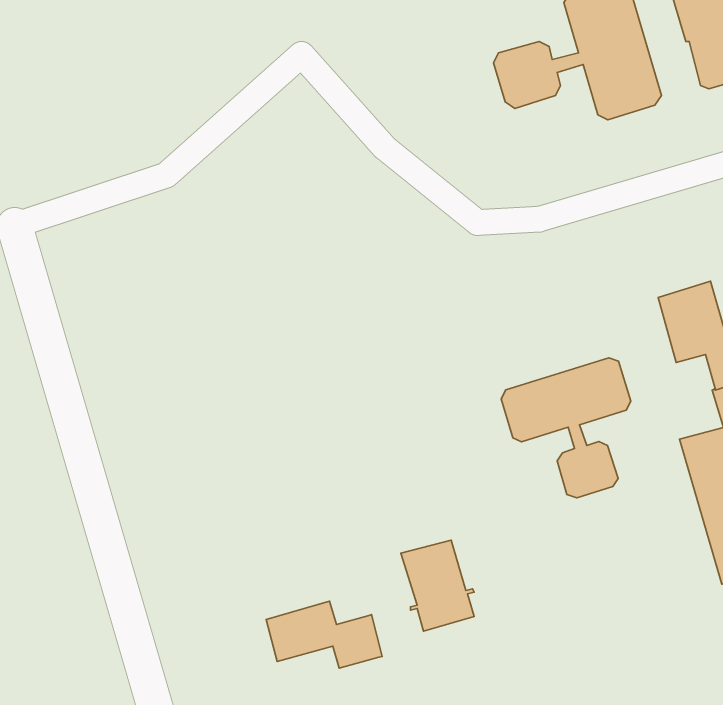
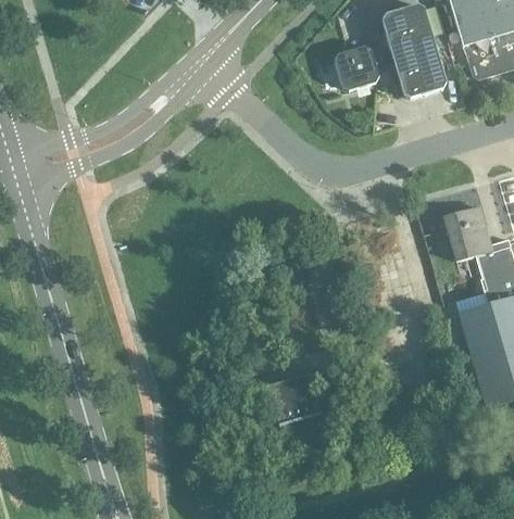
building: [501,358,631,498] -> none
building: [266,601,382,668] -> none

